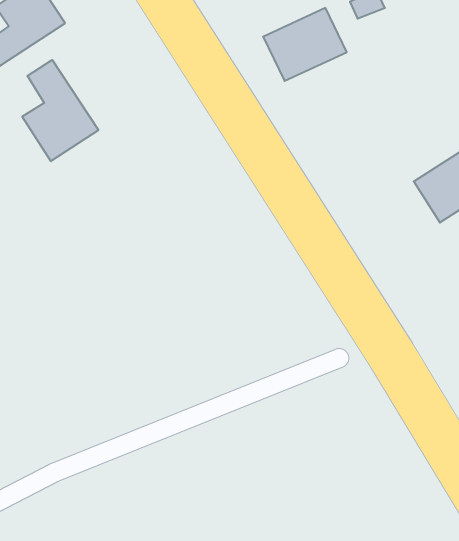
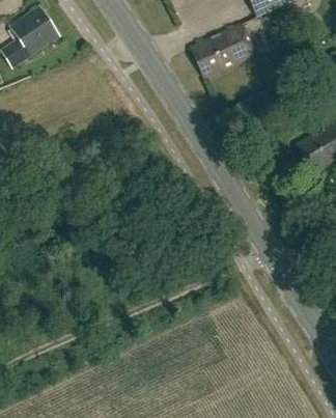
building: [22,60,98,161] -> none

